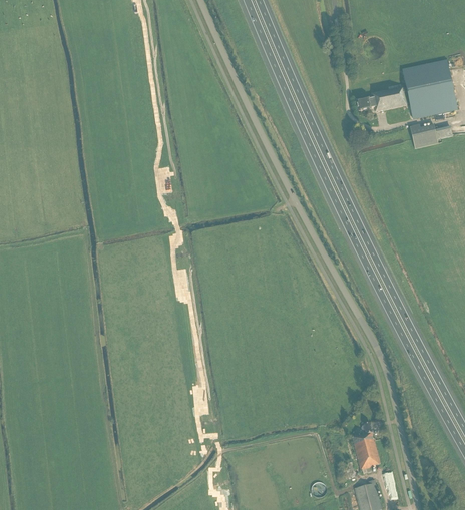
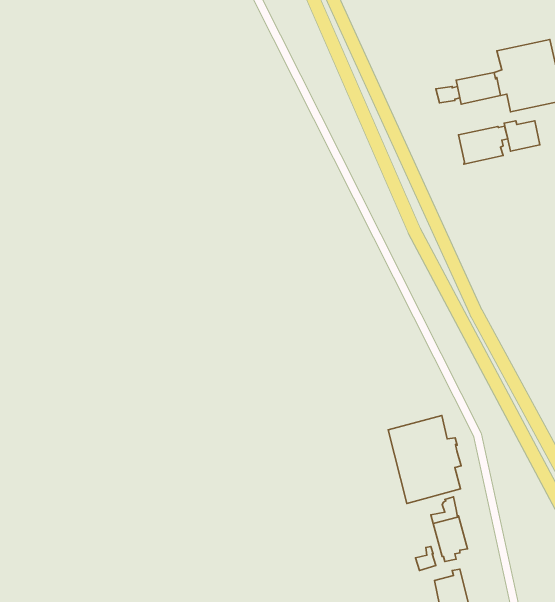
building: none -> [459,126,508,164]
building: none -> [388,416,461,503]

